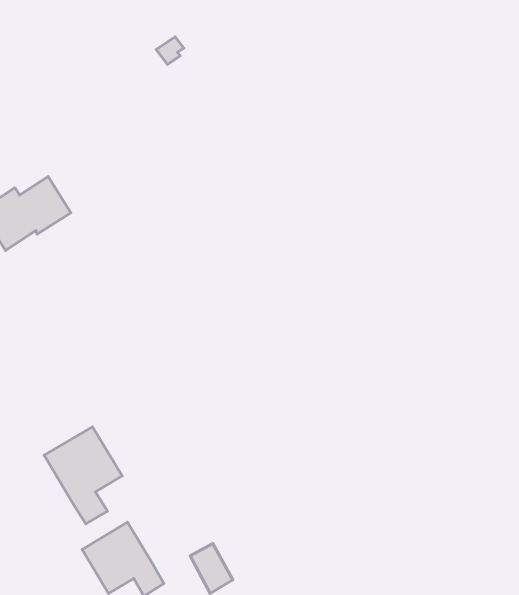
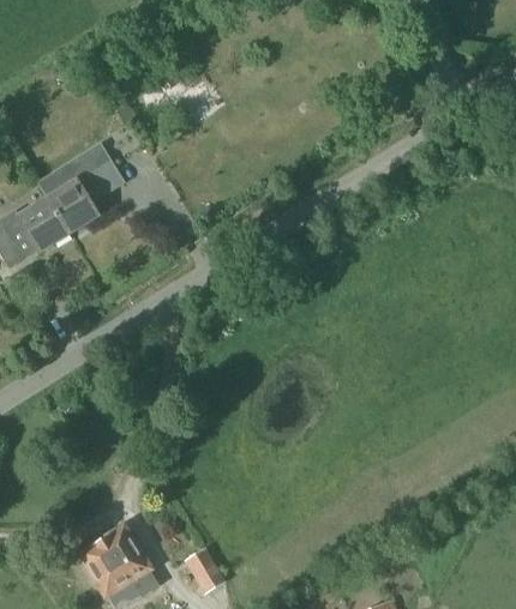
building: none -> [38,141,126,233]
building: [44,427,122,524] -> none

